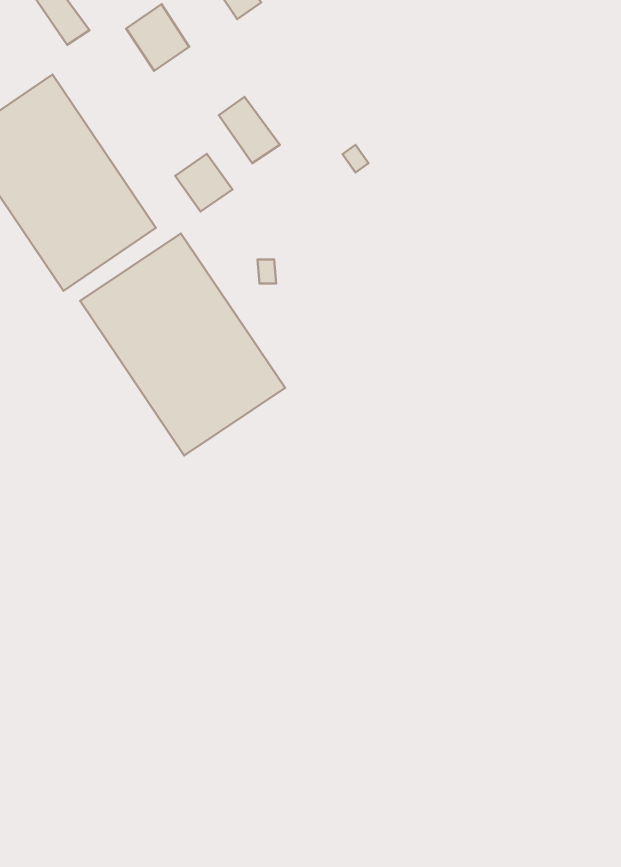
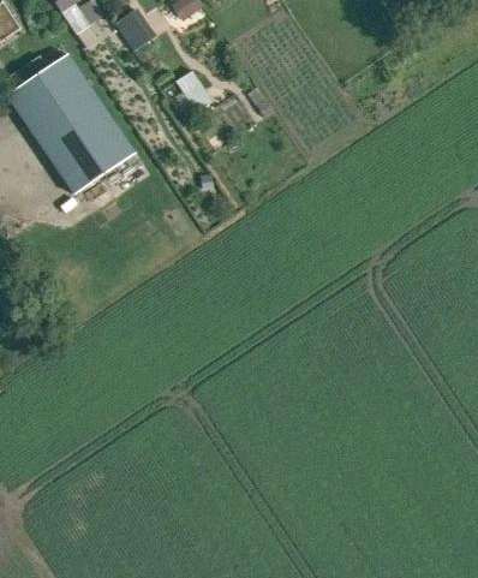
building: [175,154,232,211] -> none
building: [80,233,285,455] -> none

